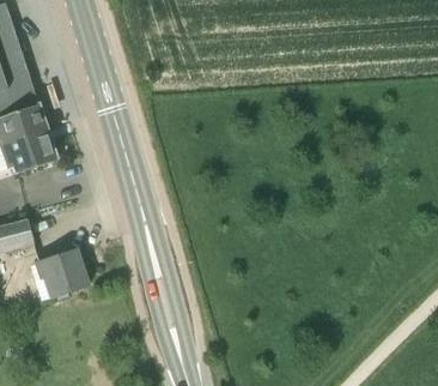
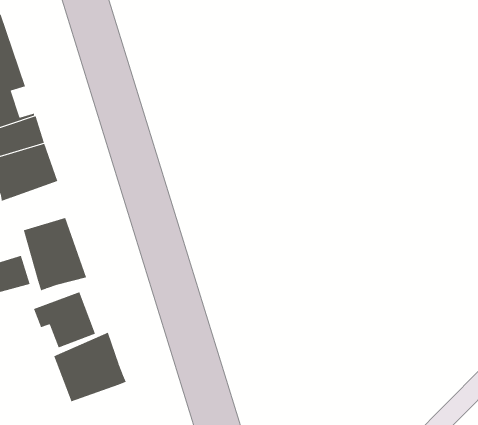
building: none -> [23,217,87,291]
building: none -> [53,332,127,402]

